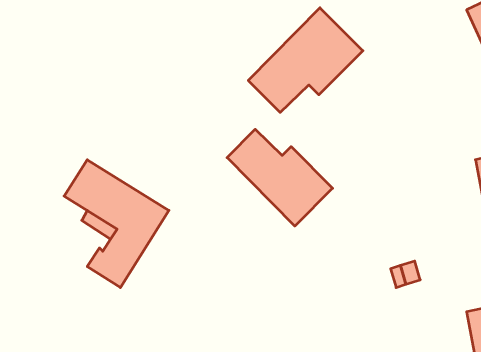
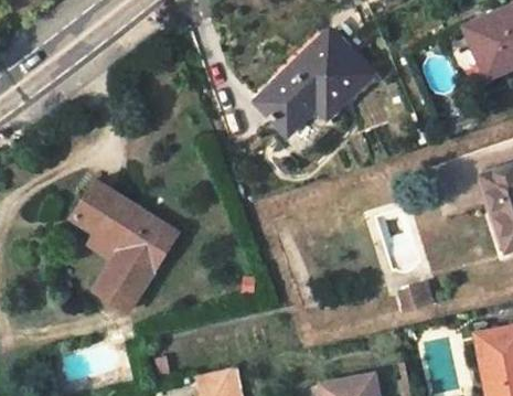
building: [227,129,333,226] -> none

